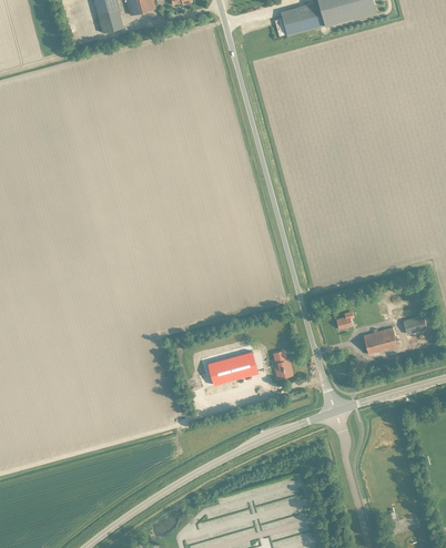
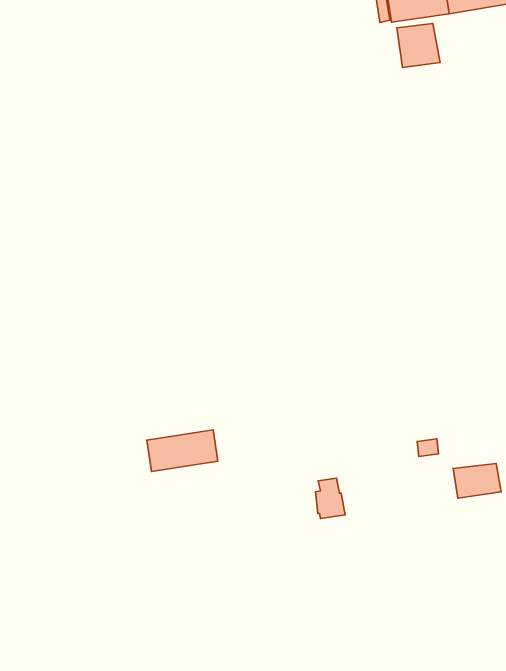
building: none -> [397,23,440,68]
building: [209,351,259,384] -> [147,430,218,472]

